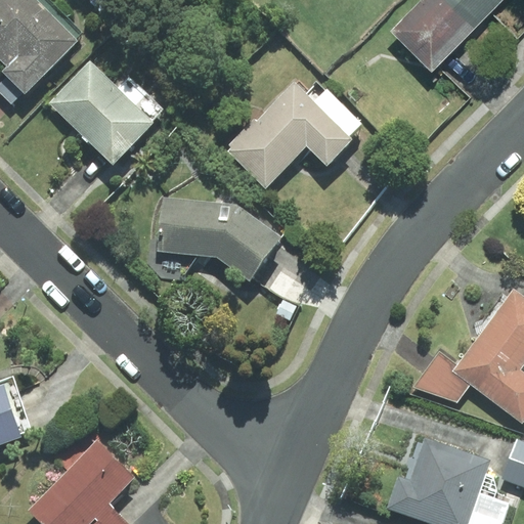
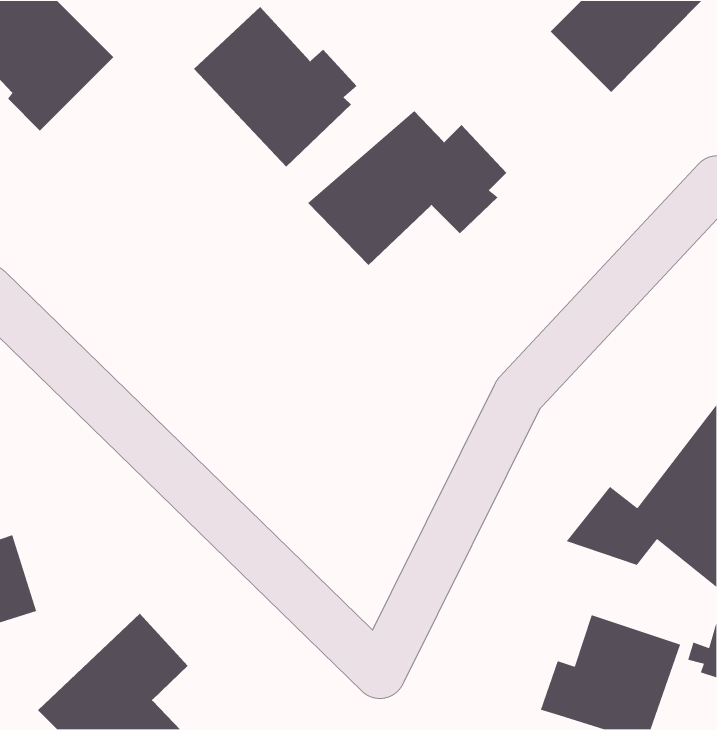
building: [46,53,164,169] -> [193,6,357,168]
building: [157,195,286,282] -> none

